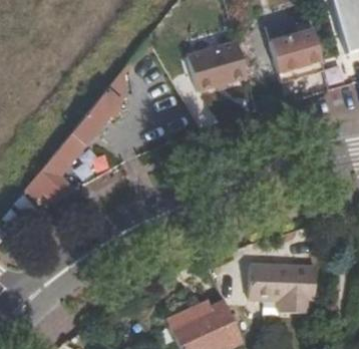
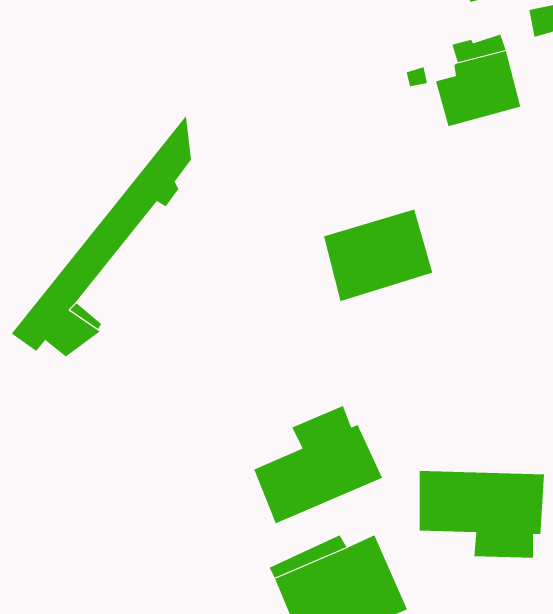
building: [189,41,249,92] -> [323,209,433,302]
building: none -> [254,405,383,524]

